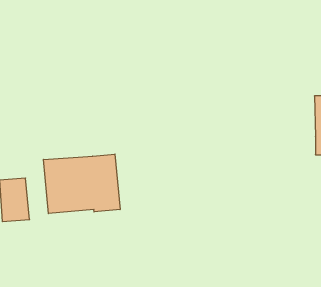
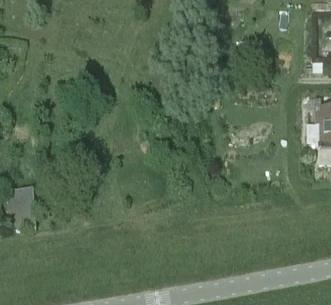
building: [43,154,120,214] -> none

